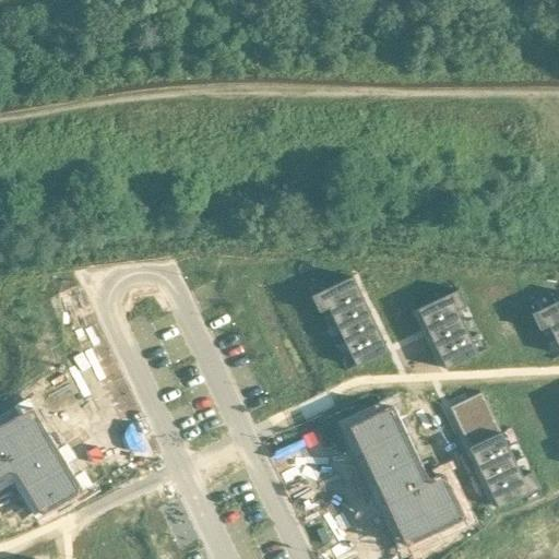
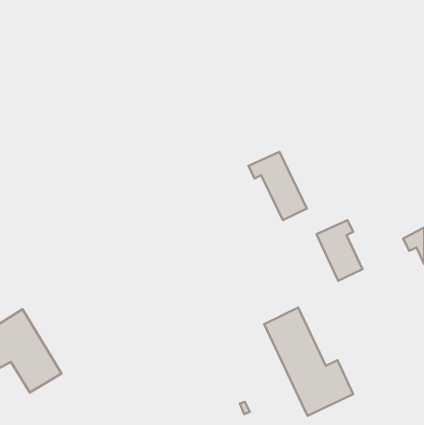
building: [309,276,385,366] -> [249,152,307,220]
building: [448,392,536,507] -> none

